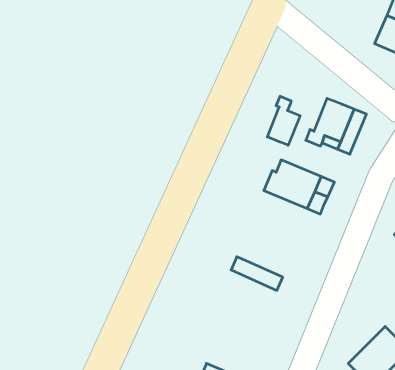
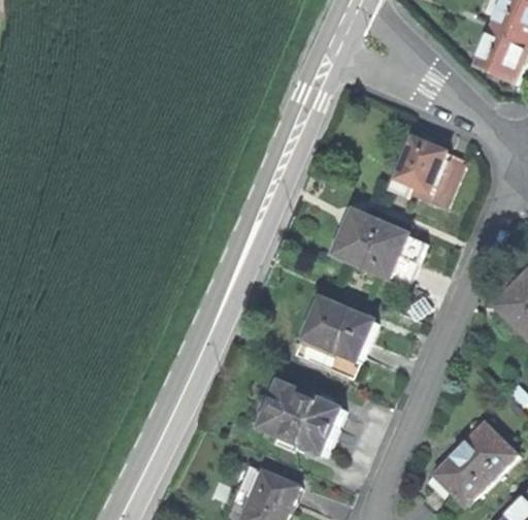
building: [267,96,300,145] -> none
building: none -> [306,296,374,359]
building: none -> [260,382,340,451]

